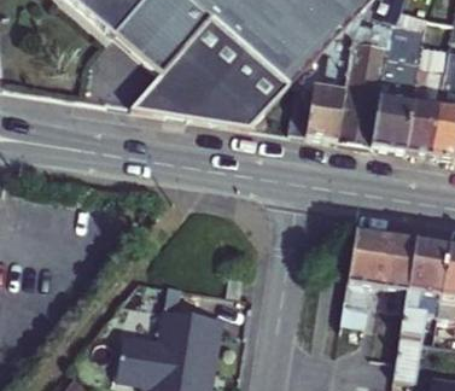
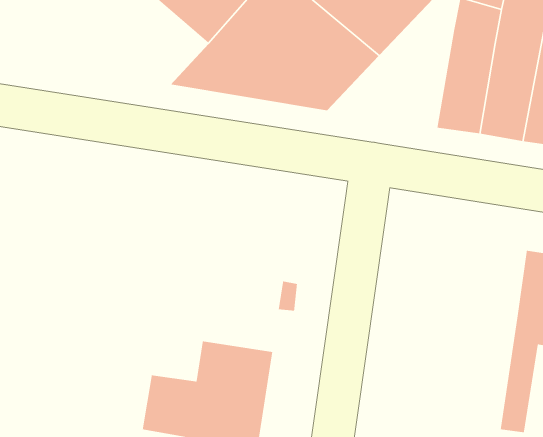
building: [294,59,358,139] -> none
building: [336,226,415,351] -> none

